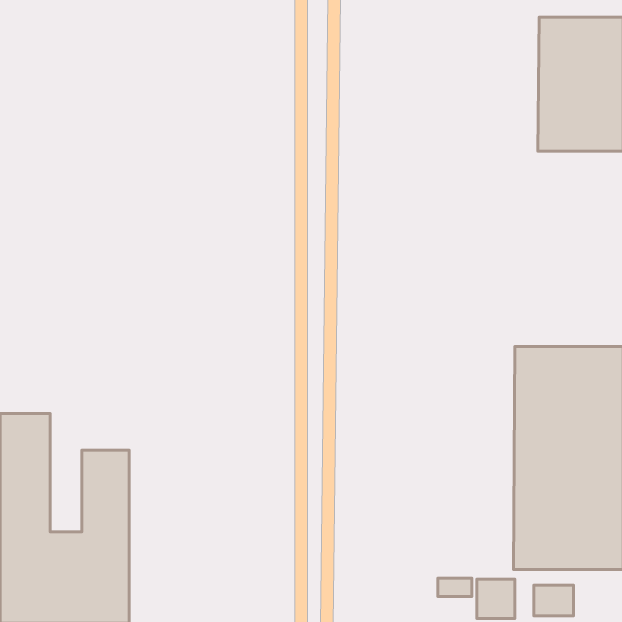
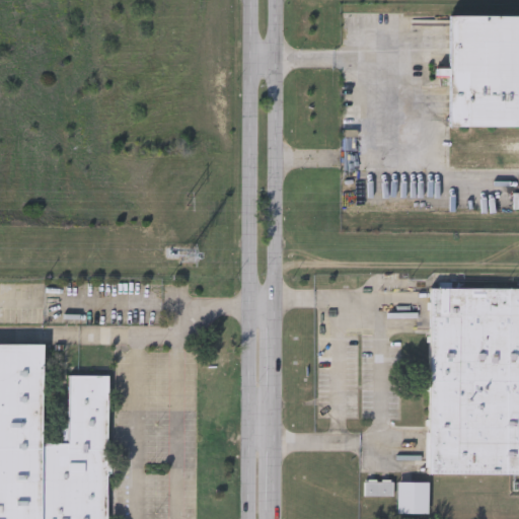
building: [534,585,573,616] -> none

